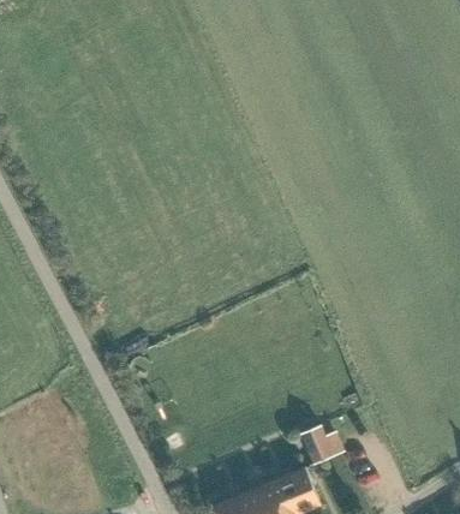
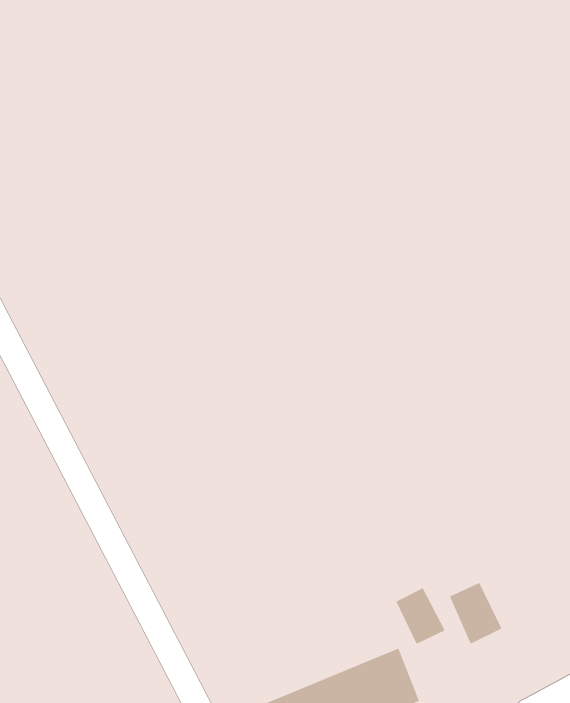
building: none -> [449,582,502,644]

